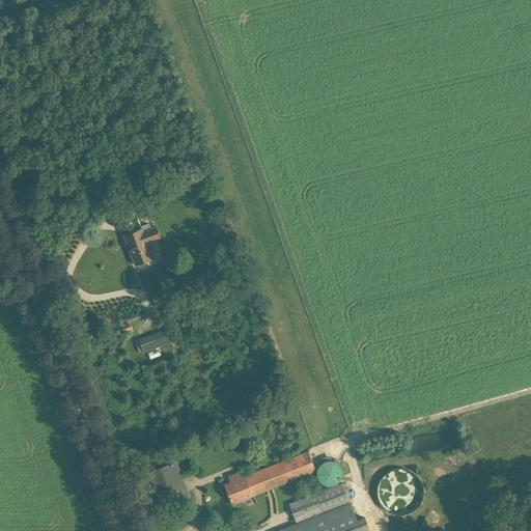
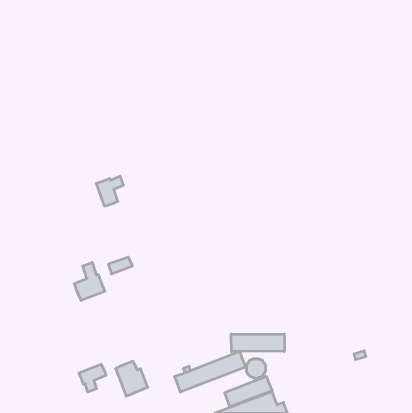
building: none -> [74,262,105,301]
building: none -> [231,334,284,352]
building: none -> [79,364,106,392]

